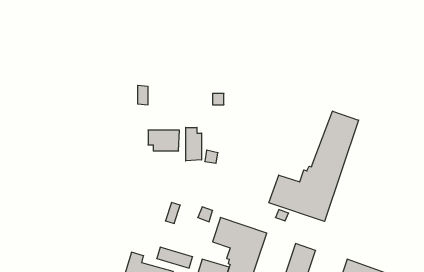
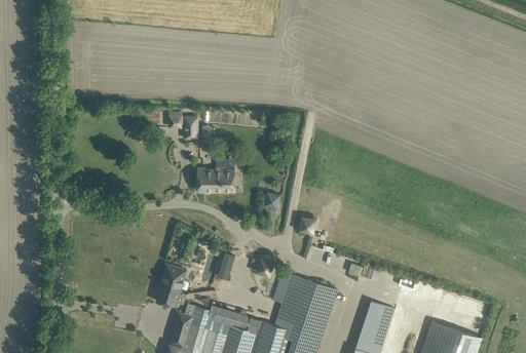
building: [269,111,359,221] -> none
building: [186,127,202,161] -> none
building: none -> [156,263,187,307]

